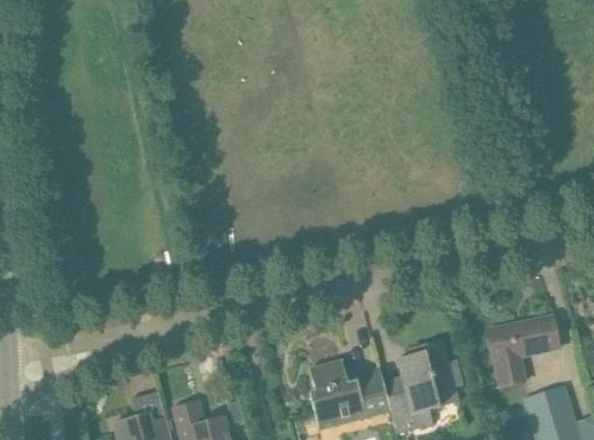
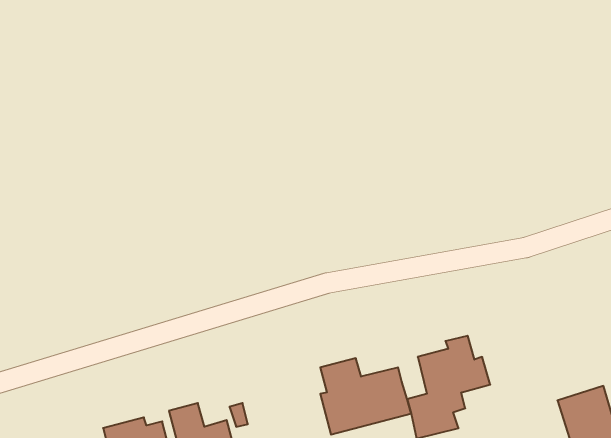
building: [488,315,559,385] -> none

